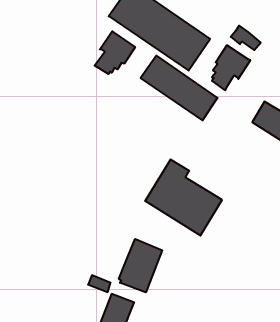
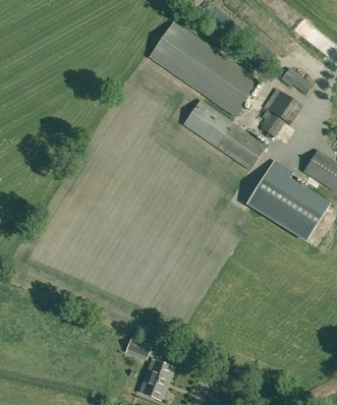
building: [95,31,135,74] -> none
building: [145,160,222,236] -> [245,159,329,241]
building: [119,239,162,292] -> none

